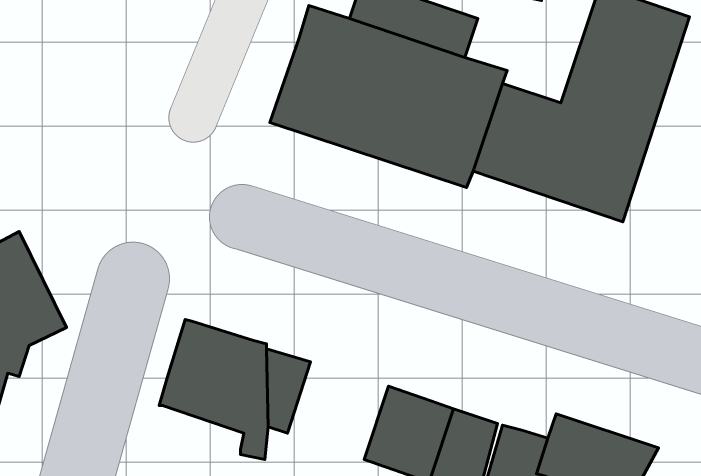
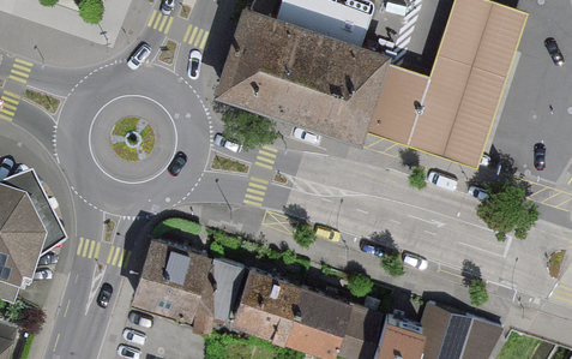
building: none -> [234,270,302,341]

